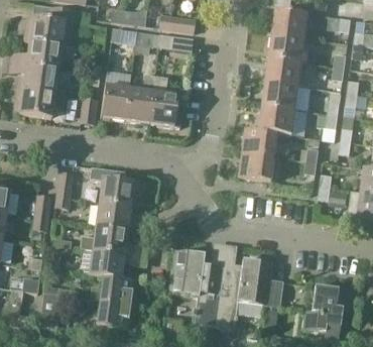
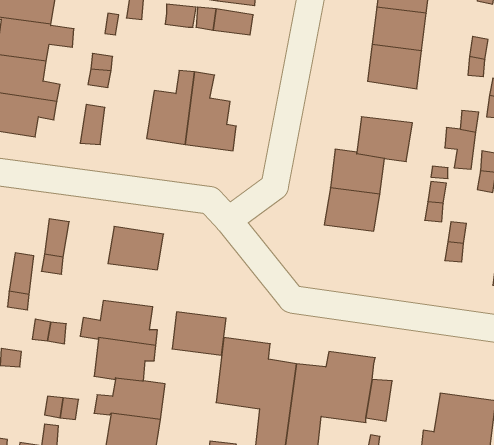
building: [264,82,300,109] -> none
building: [101,85,129,119] -> none
building: [96,201,131,229] -> [172,312,226,355]

